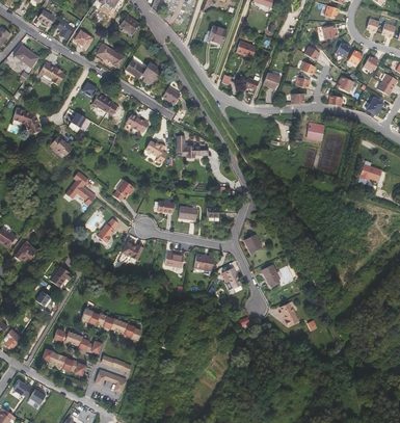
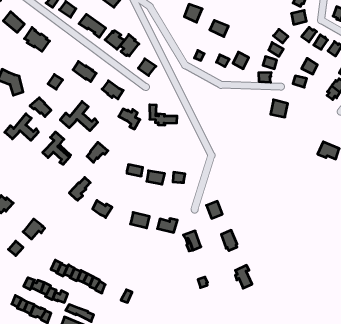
building: none -> [60,101,98,131]
building: none -> [5,114,38,140]

